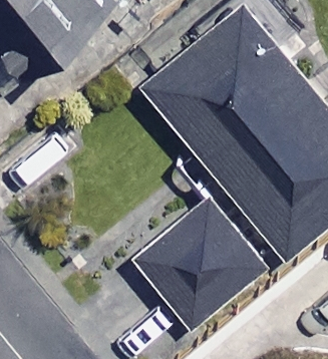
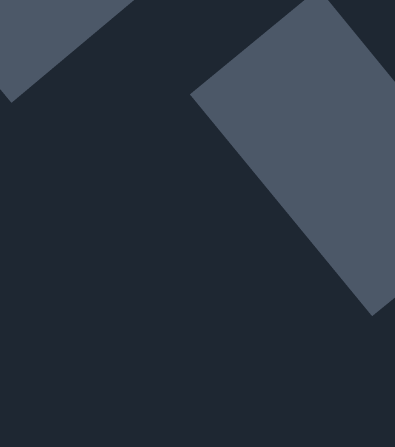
building: [138,203,266,328] -> none

